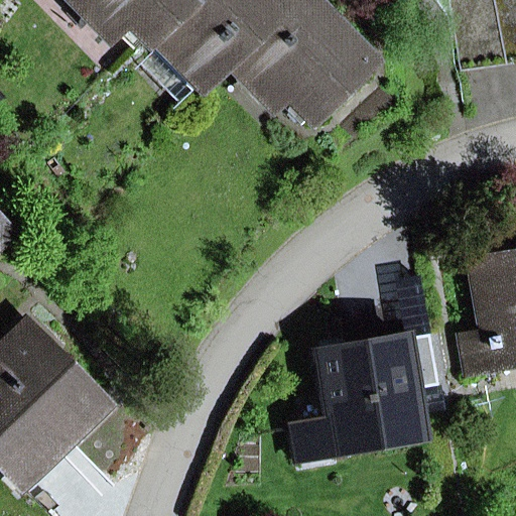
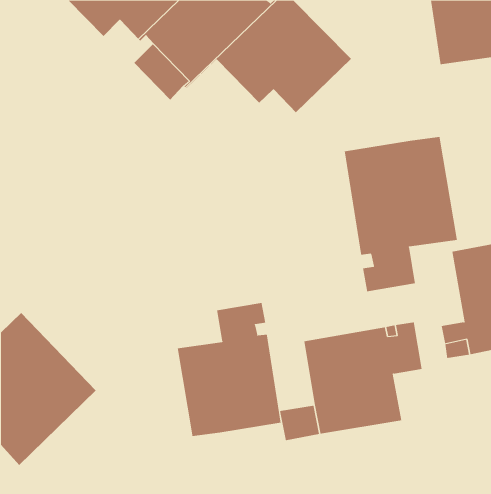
building: none -> [344,136,458,292]
building: none -> [177,302,281,437]

